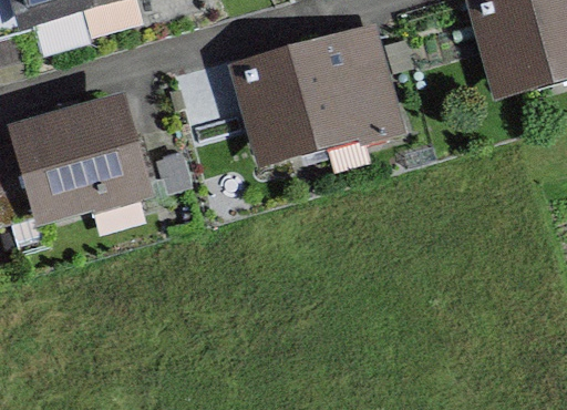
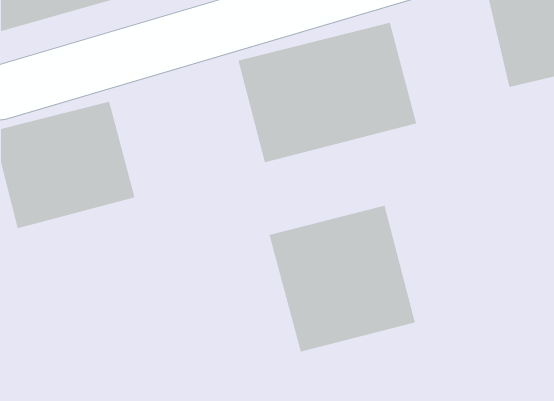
building: none -> [269,205,416,352]

